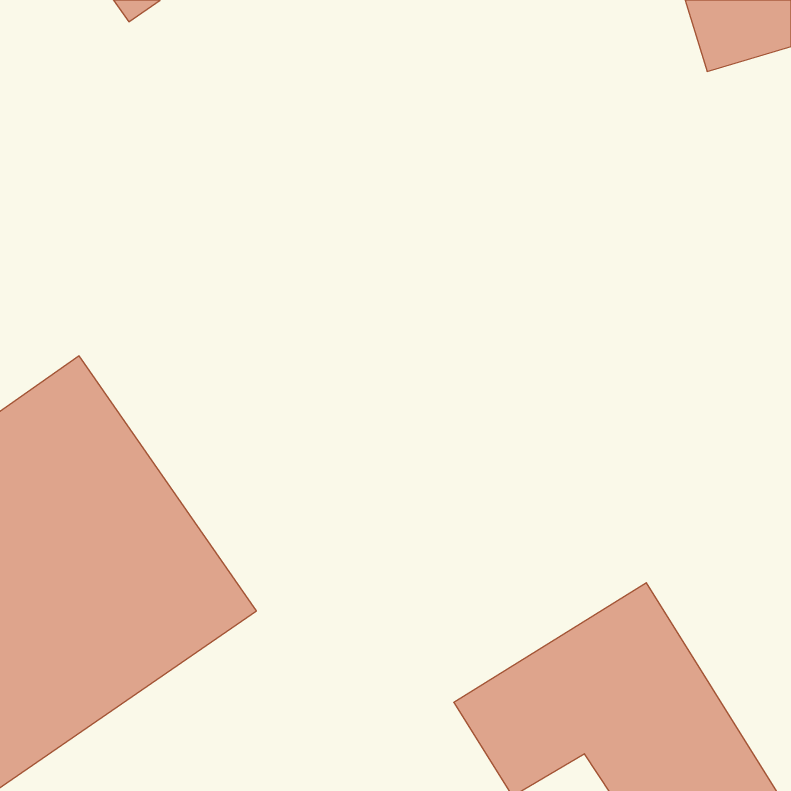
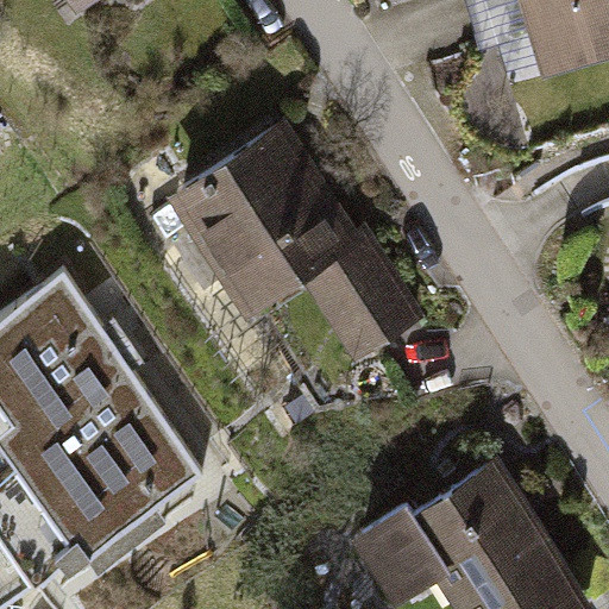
building: none -> [180,131,415,362]

